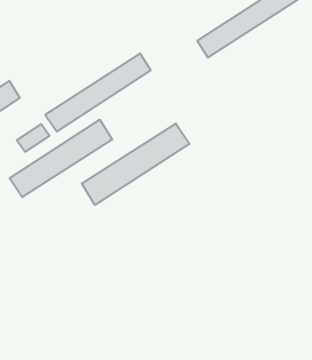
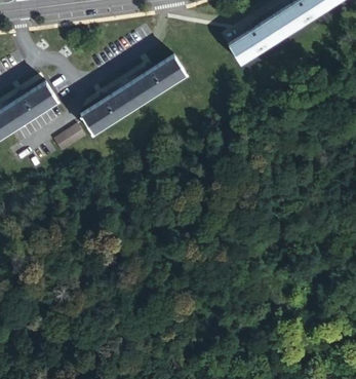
building: [10,120,112,197] -> none
building: [82,123,190,205] -> none

